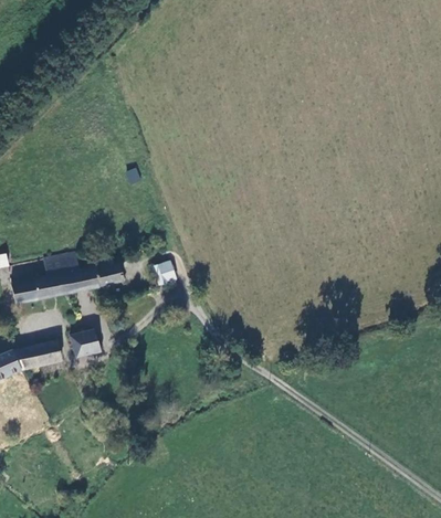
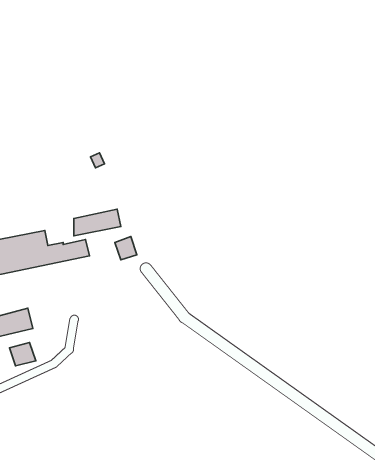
building: none -> [74,209,121,236]
building: [72,330,101,356] -> [9,343,36,366]

